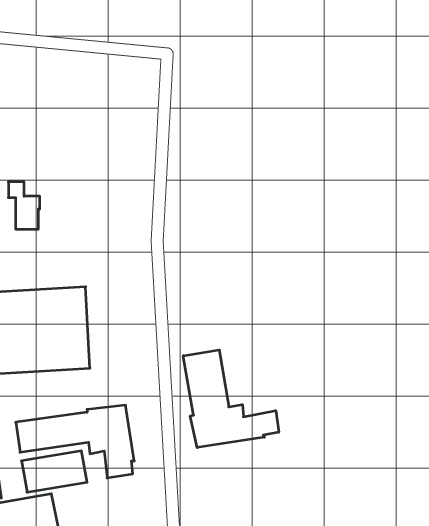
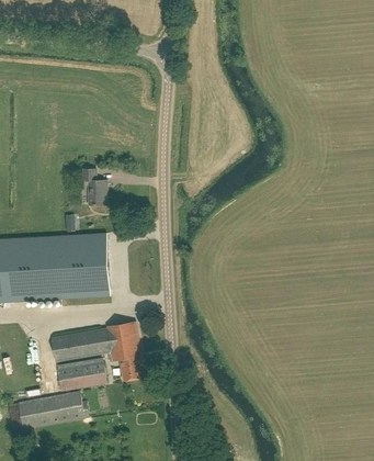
building: [8,182,40,229] -> [81,169,105,205]
building: [183,350,279,448] -> none

